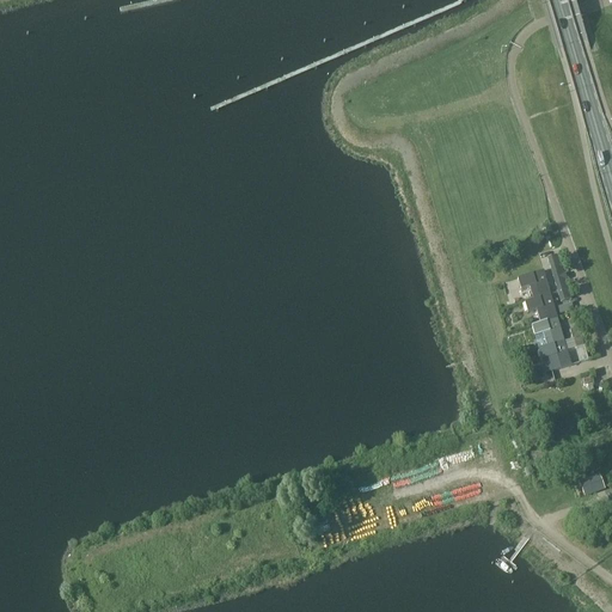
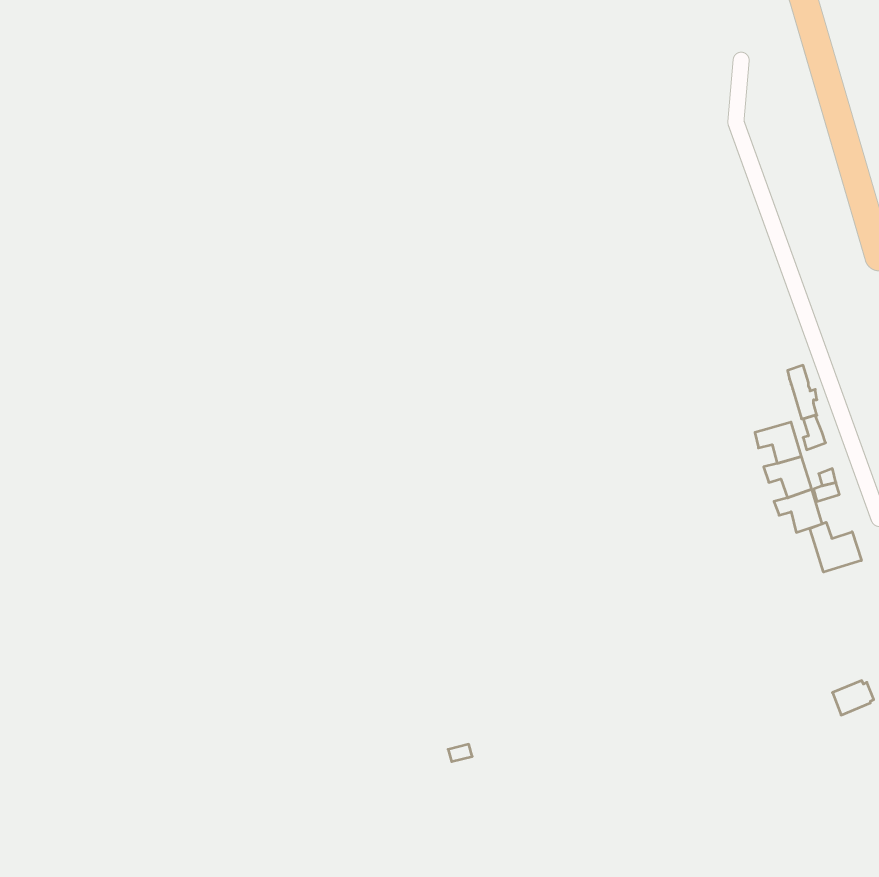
building: [516,269,549,298] -> none
building: none -> [810,522,861,572]

